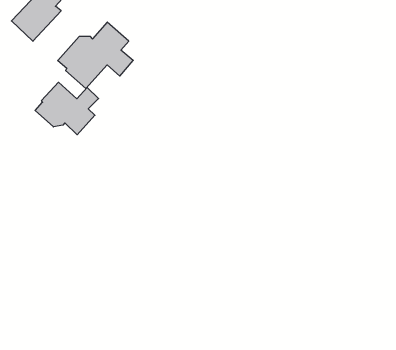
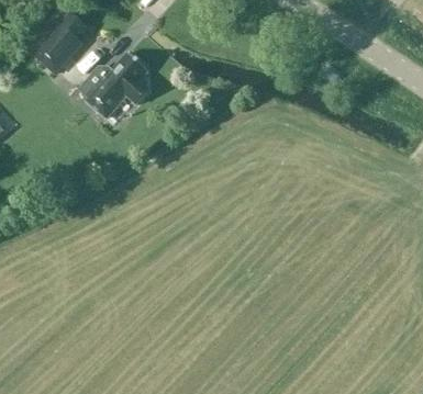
building: [35,82,99,135] -> none

